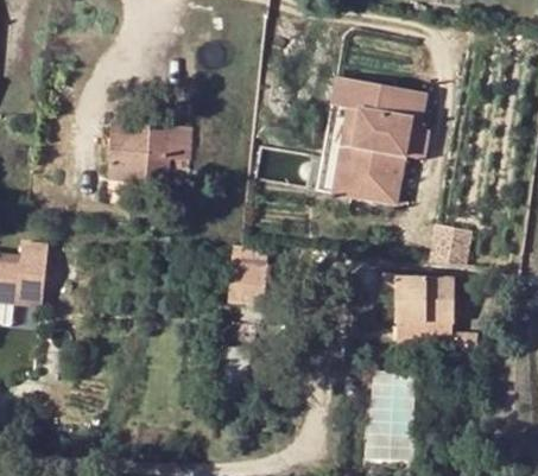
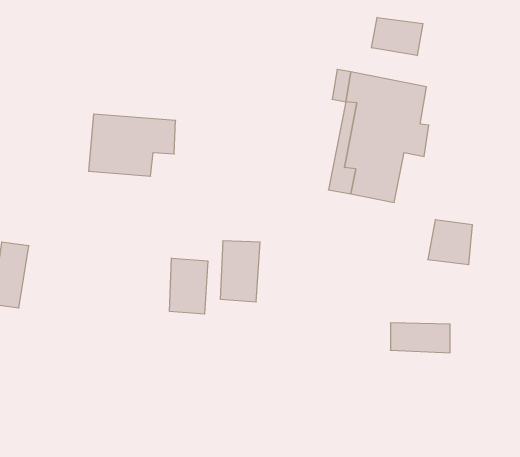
building: none -> [372,17,423,56]
building: none -> [170,258,208,314]
building: [381,274,452,322] -> none

